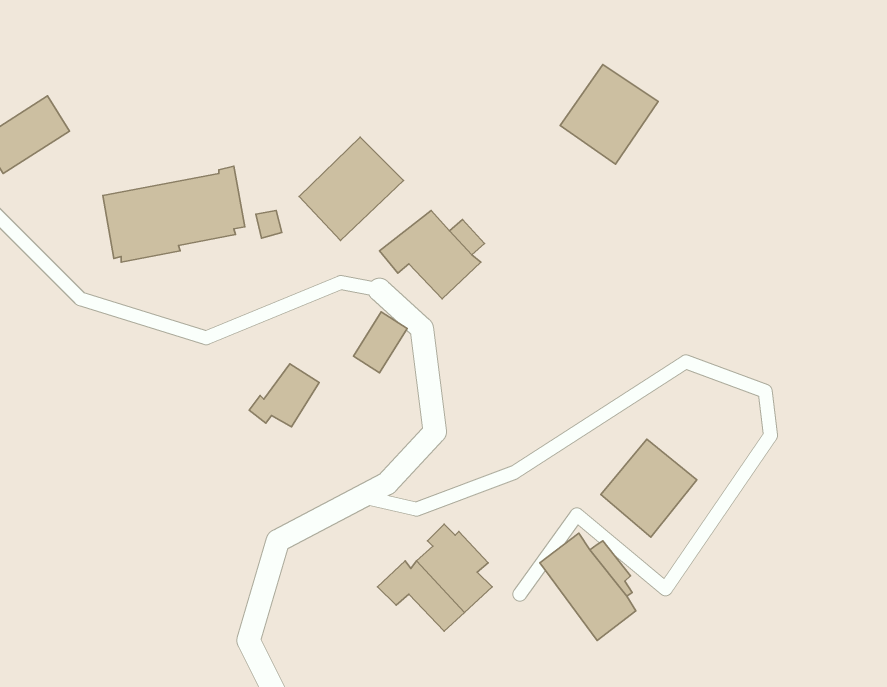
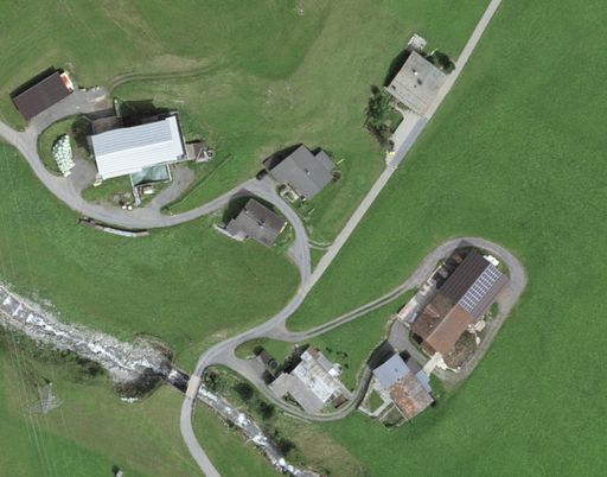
building: [299,137,404,241] -> none
building: [249,364,319,427] -> [224,198,269,238]
building: none -> [437,249,510,322]

